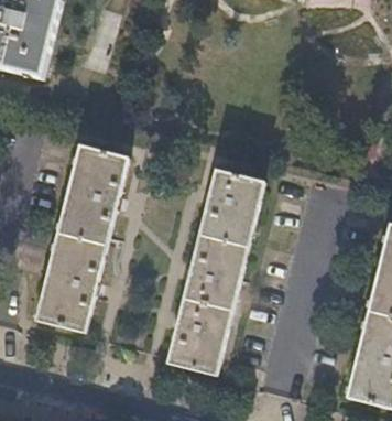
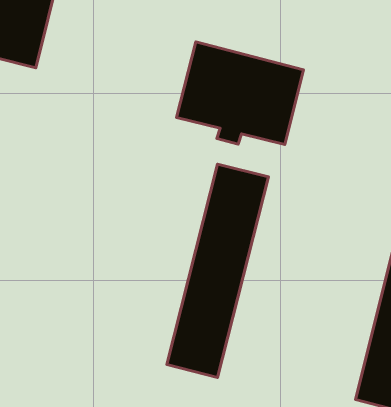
building: none -> [177,42,304,145]
building: [37,148,129,332] -> none

